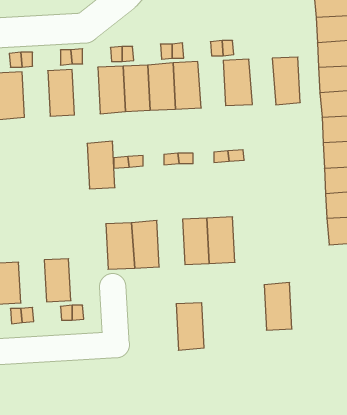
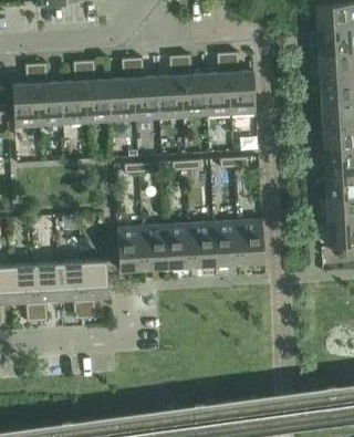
building: [272,57,300,105] -> [205,72,231,117]
building: none -> [38,82,64,126]
building: [87,141,115,189] -> [85,79,112,124]
building: none -> [82,260,110,301]
building: none -> [34,262,61,303]
building: [264,283,292,330] -> [238,219,264,264]
building: [176,303,204,350] -> [166,223,192,269]

